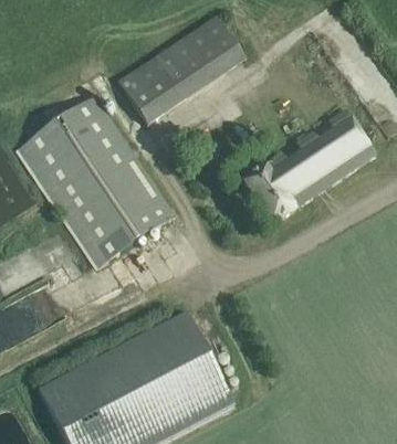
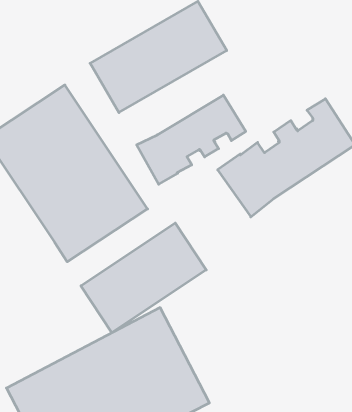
building: none -> [137,95,246,184]
building: none -> [81,223,206,333]

